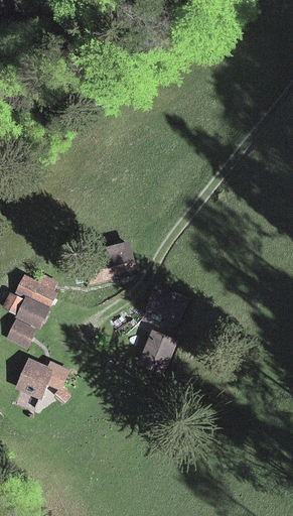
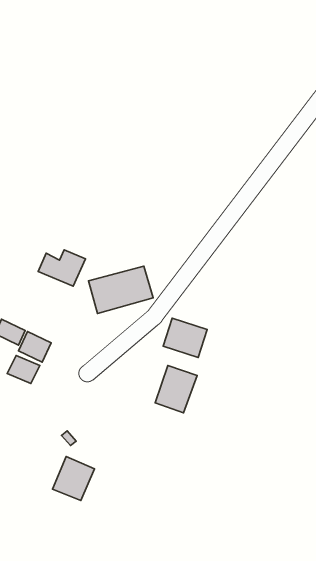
building: [18,273,60,305] -> [38,250,86,286]
building: [16,359,53,398] -> [53,456,94,500]

